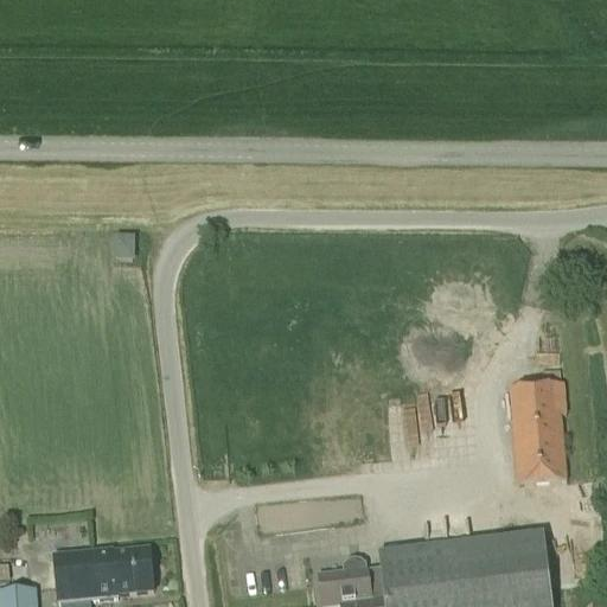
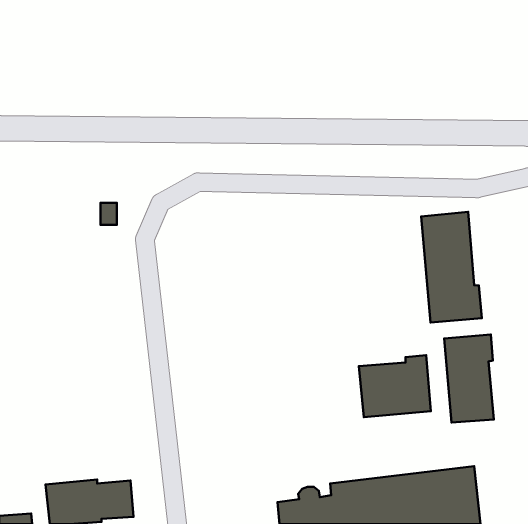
building: none -> [421,212,482,323]
building: none -> [359,355,431,417]

